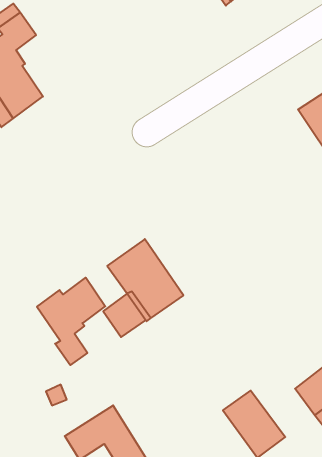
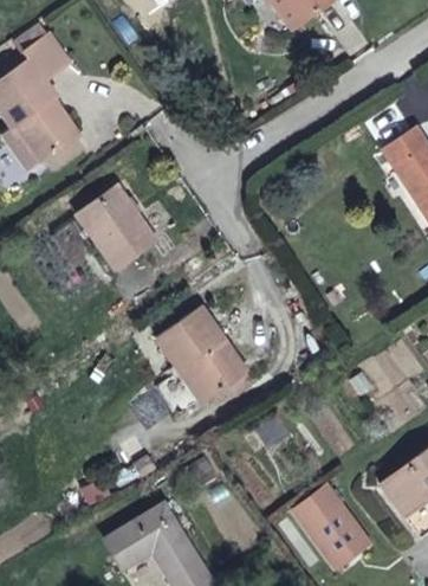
building: none -> [77,185,156,269]
building: [37,278,105,365] -> none

